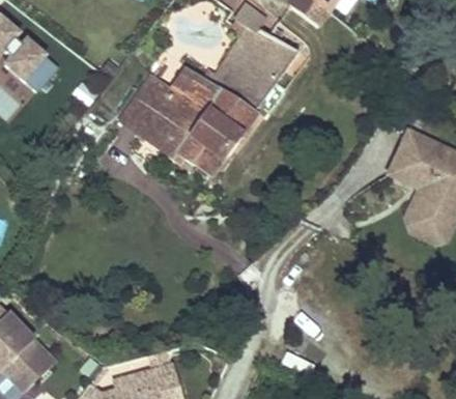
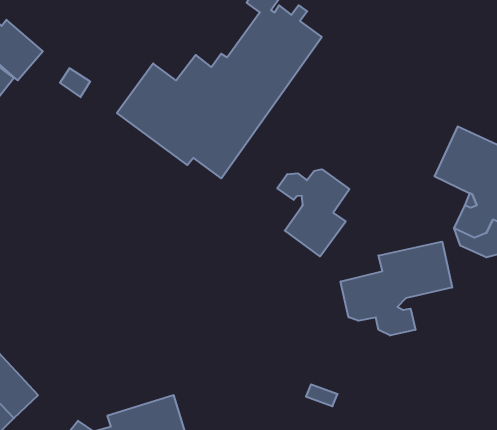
building: none -> [277,169,349,256]
building: none -> [341,242,452,336]

